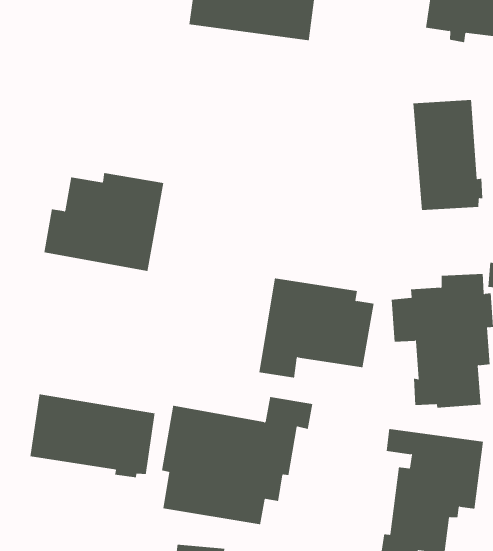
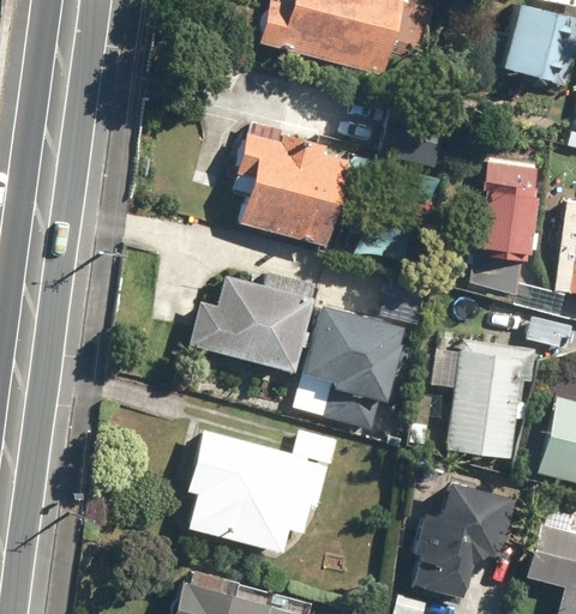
building: none -> [233,119,358,249]
building: [44,172,164,272] -> [192,272,320,377]
building: [30,393,155,478] -> none

